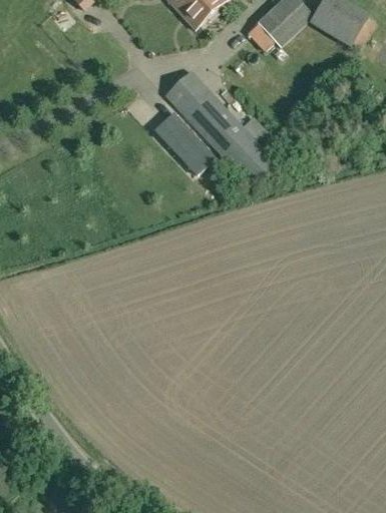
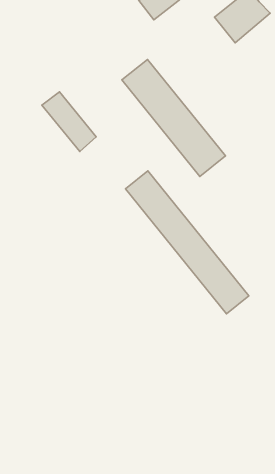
building: [154,114,213,174] -> [42,92,96,151]
building: none -> [126,171,249,314]

